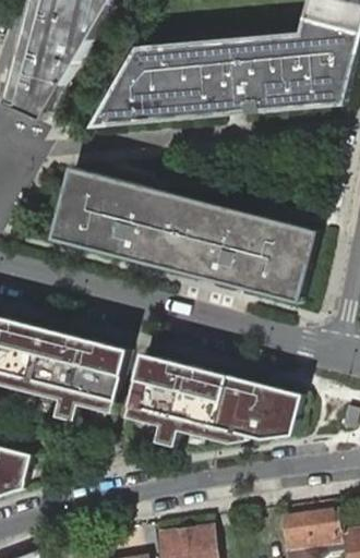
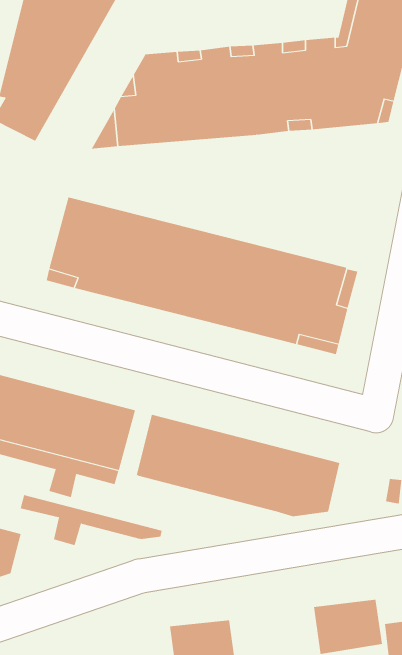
building: [124,404,245,448] -> [20,494,162,546]

